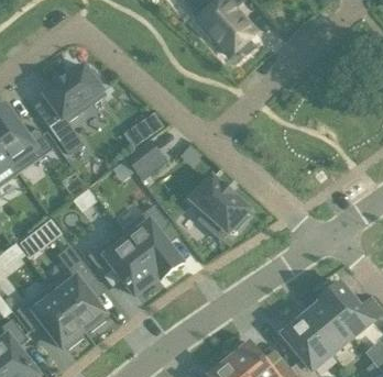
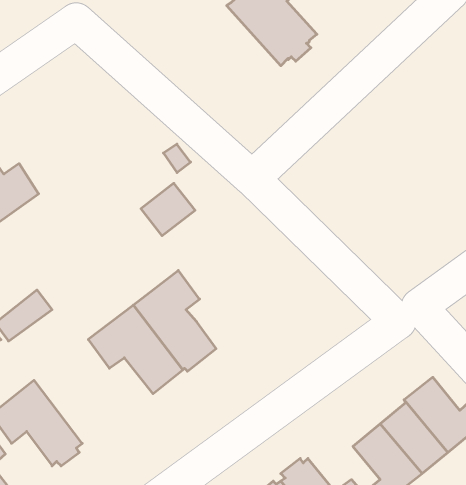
building: [43,64,106,153] -> none
building: [193,176,249,240] -> none
building: [50,260,107,331] -> none

